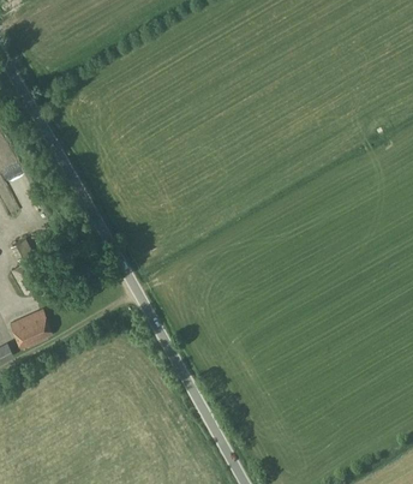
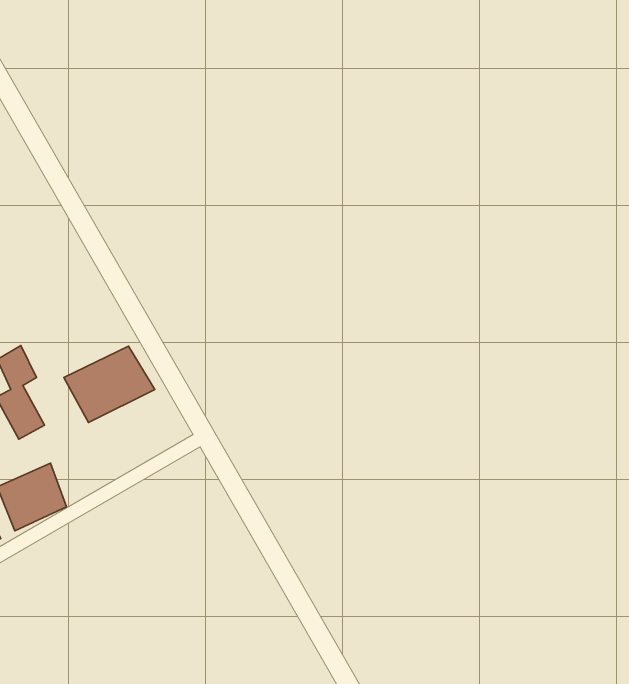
building: none -> [64,346,155,423]

